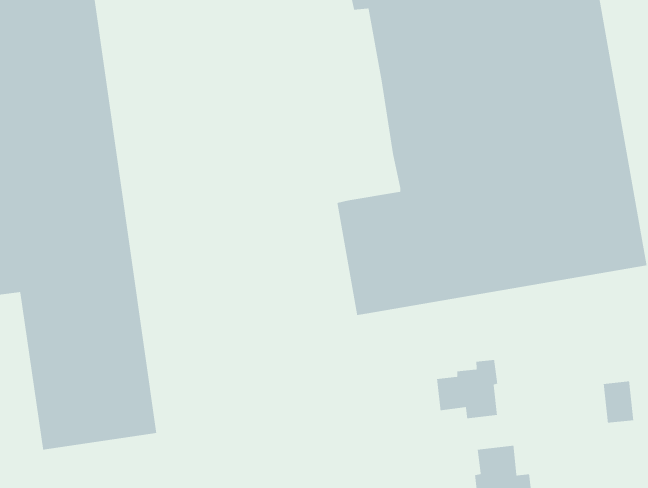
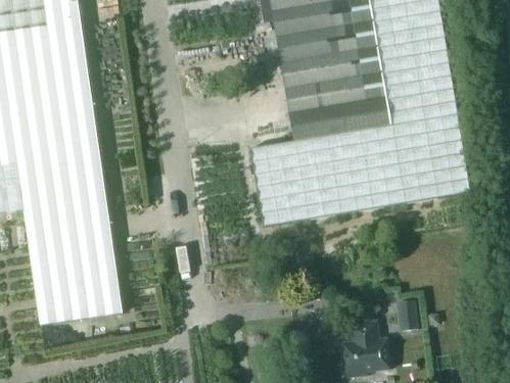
building: [436,359,498,419] -> none
building: [603,381,634,424] -> [396,298,418,329]

